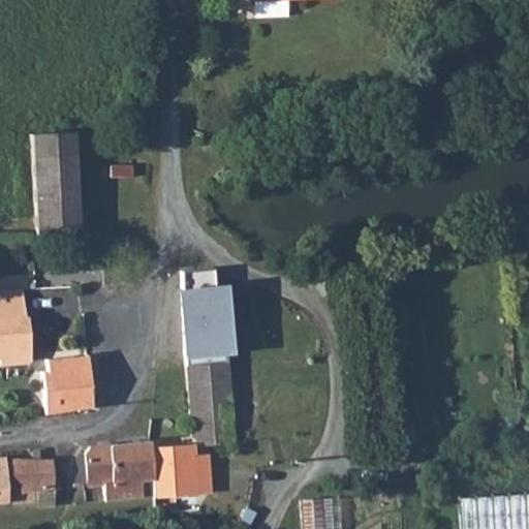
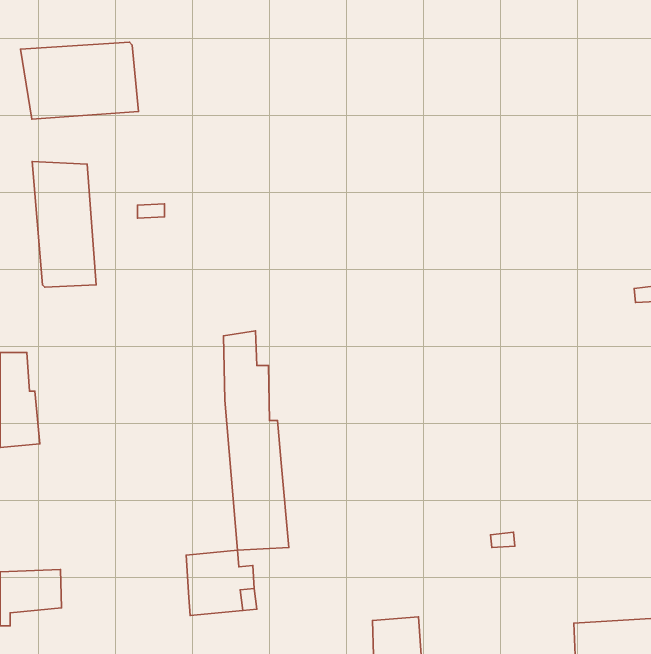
building: none -> [21,42,138,119]
building: [42,354,92,414] -> none
building: [88,439,156,504] -> none

